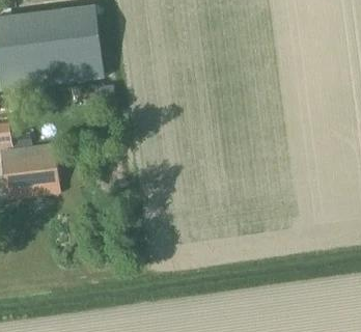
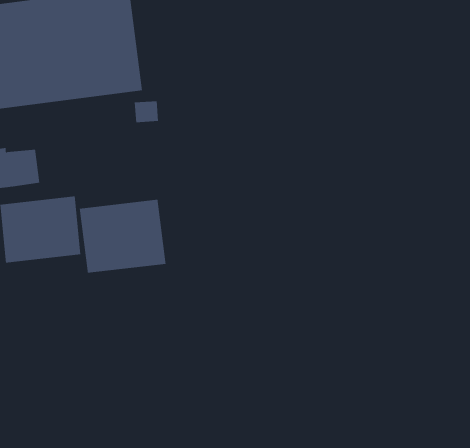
building: none -> [79,199,166,273]

